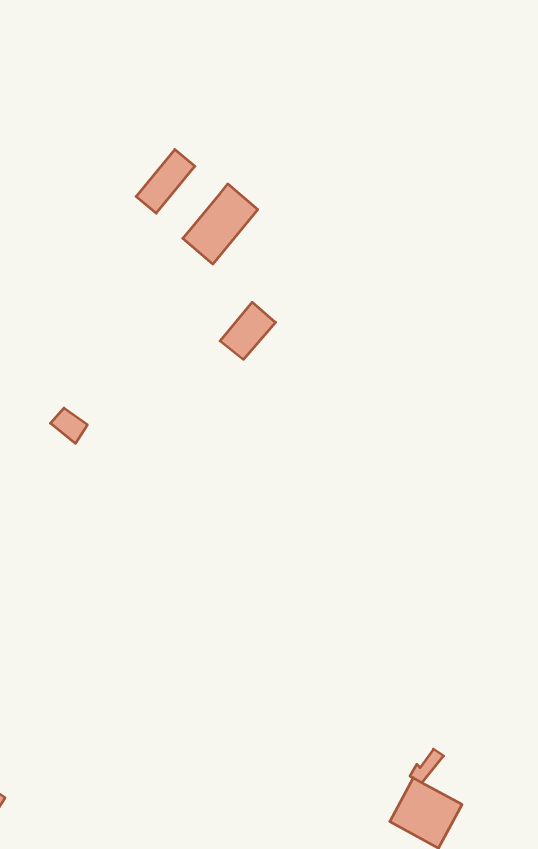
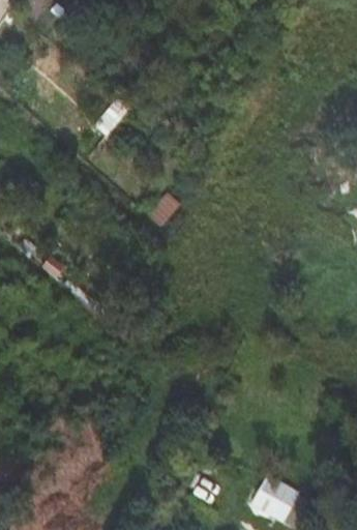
building: [183,184,258,264] -> none

